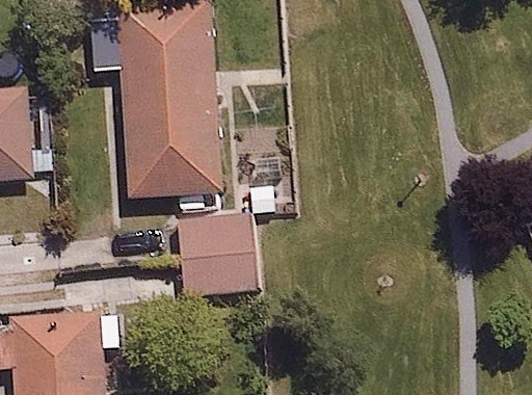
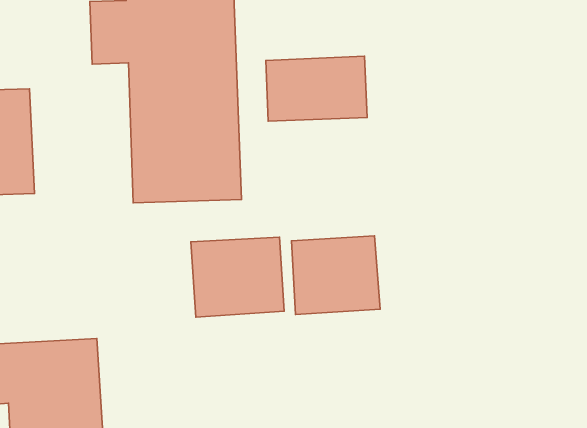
building: none -> [266,56,367,121]
building: none -> [291,236,380,314]

